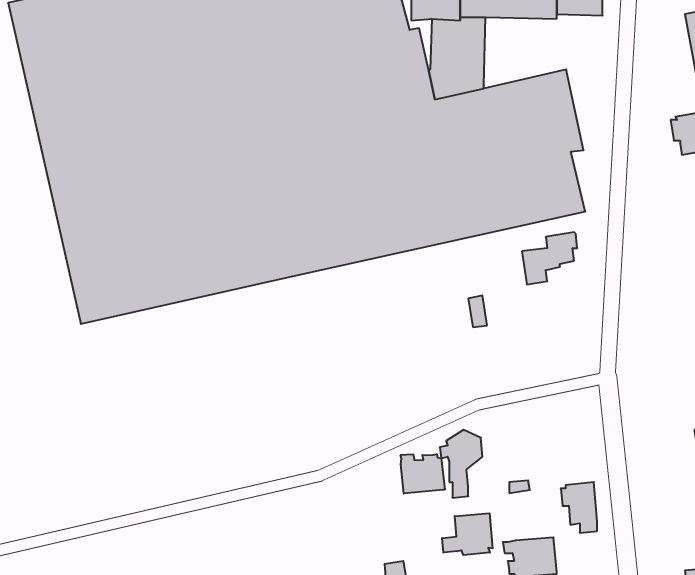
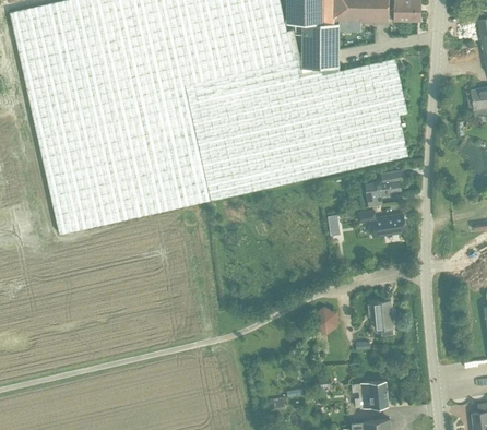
building: none -> [357,208,406,236]
building: [401,454,445,494] -> none
building: [561,482,597,533] -> [368,299,393,334]
building: [442,513,493,555] -> none

